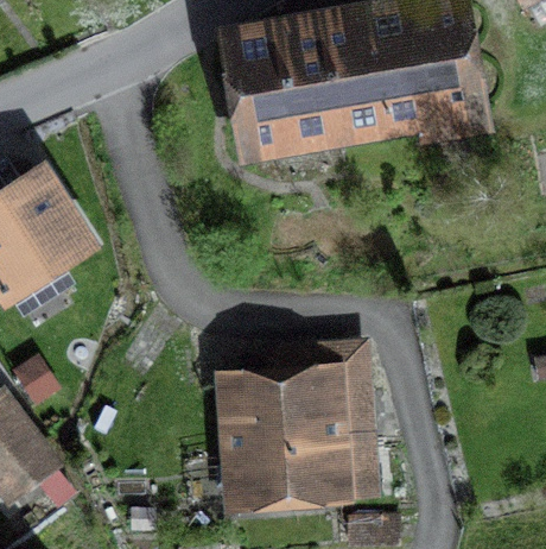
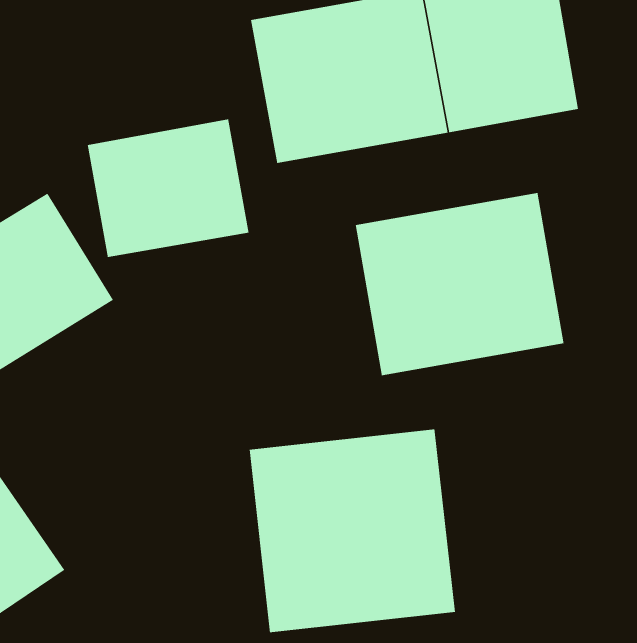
building: none -> [87,119,249,258]
building: none -> [355,192,564,376]

